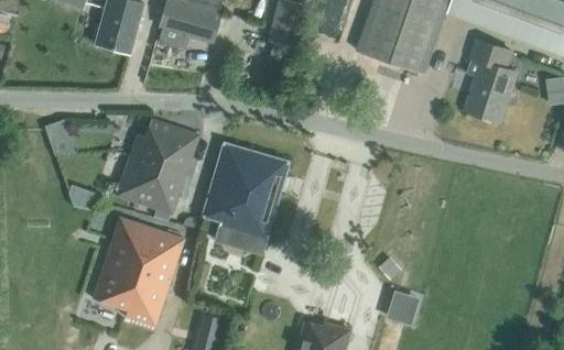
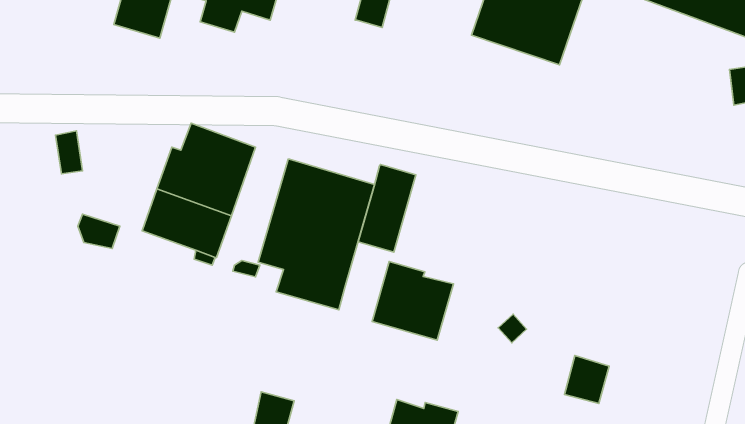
building: [467,40,518,121] -> none
building: none -> [358,165,416,252]
building: [90,218,183,328] -> none
building: none -> [372,261,453,340]
building: [388,288,421,324] -> [564,356,609,403]

